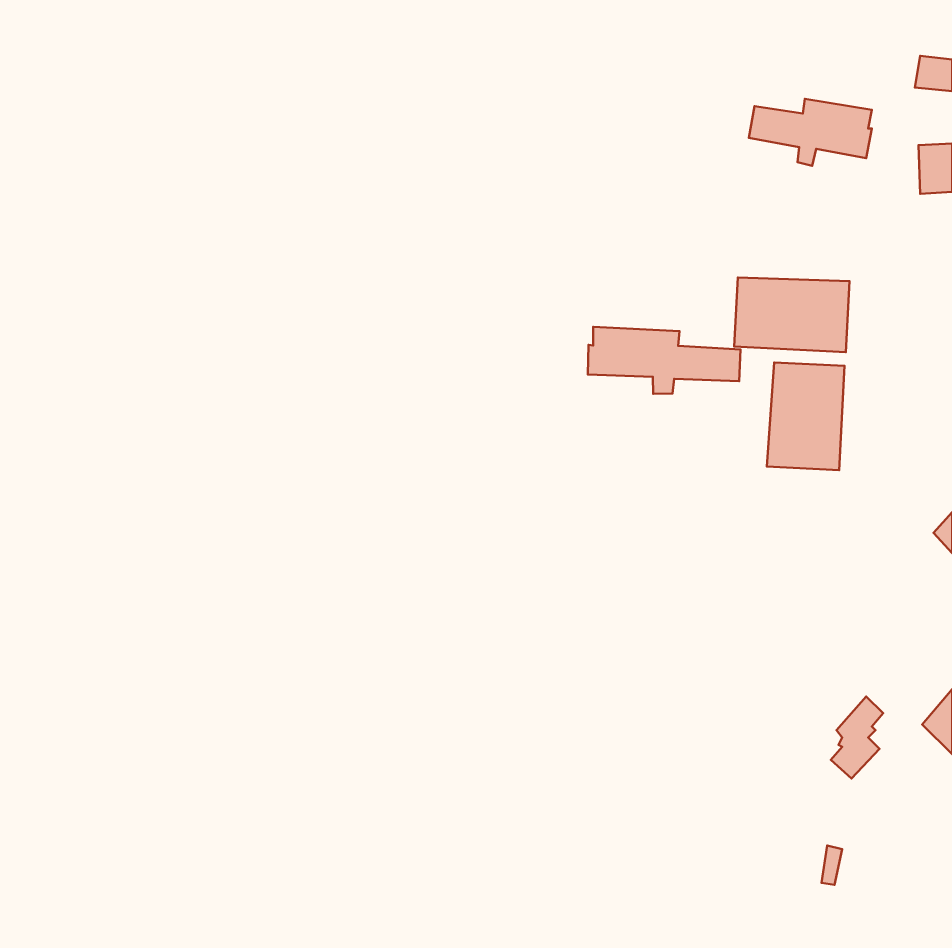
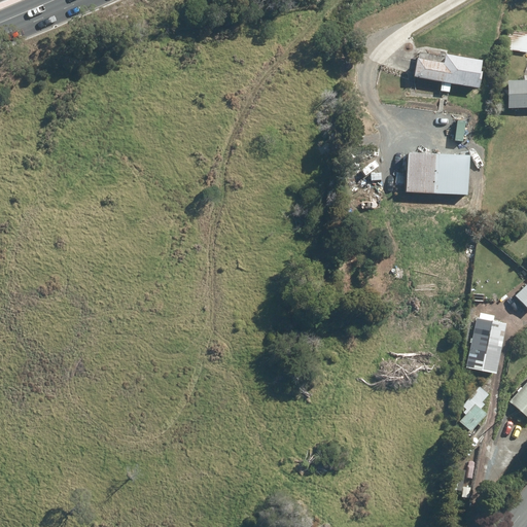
building: [588,327,740,394] -> none
building: [767,363,844,470] -> none
building: none -> [466,312,505,373]

